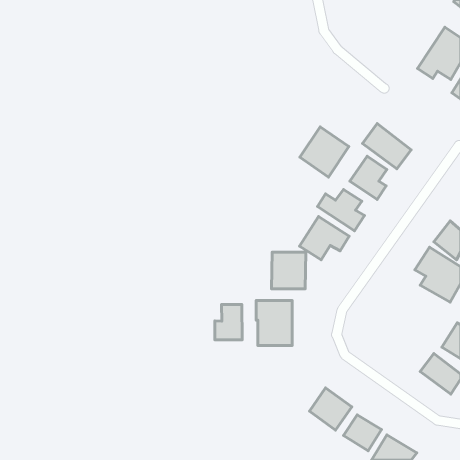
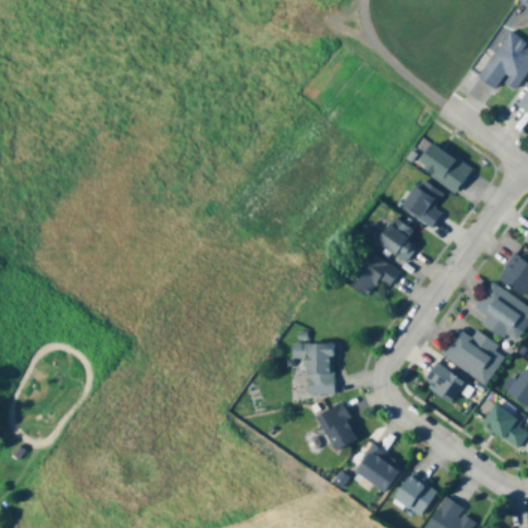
building: [300,127,349,177] -> none
building: [272,252,306,289] -> none
building: none -> [442,330,509,386]
building: [215,304,242,340] -> none
building: none -> [424,362,466,403]
building: none -> [317,403,360,451]

